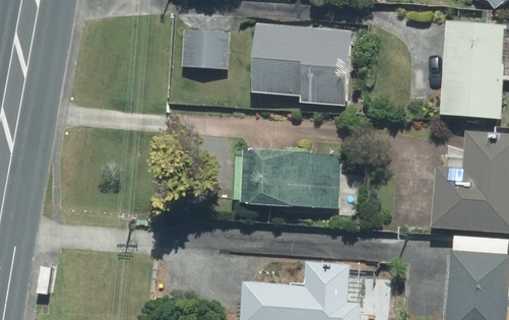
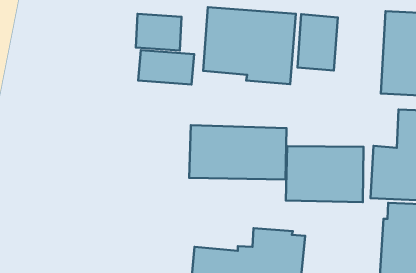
building: none -> [297,14,338,71]
building: none -> [138,50,194,85]
building: none -> [286,146,363,202]

